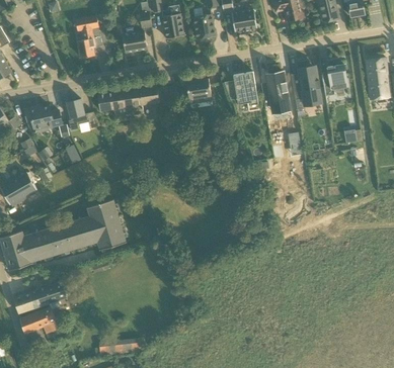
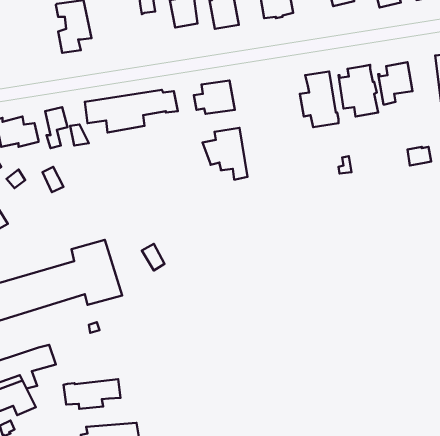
building: [122,31,147,53] -> none
building: [224,72,258,111] -> [202,128,248,180]
building: none -> [64,379,120,409]

